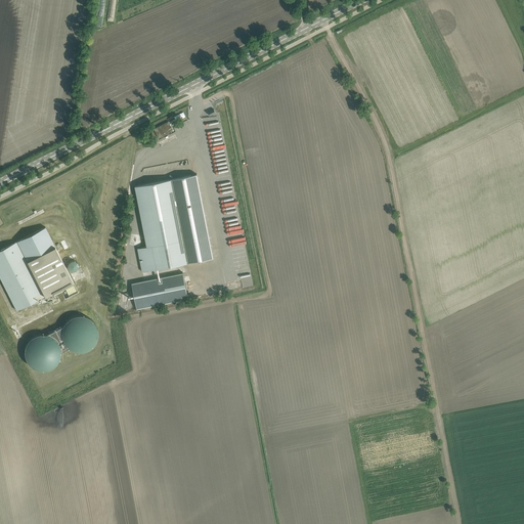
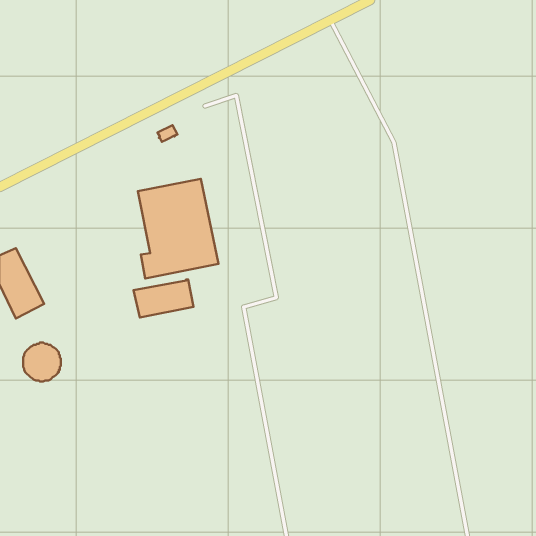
building: [15,227,73,297] -> none
building: [60,316,98,353] -> none

